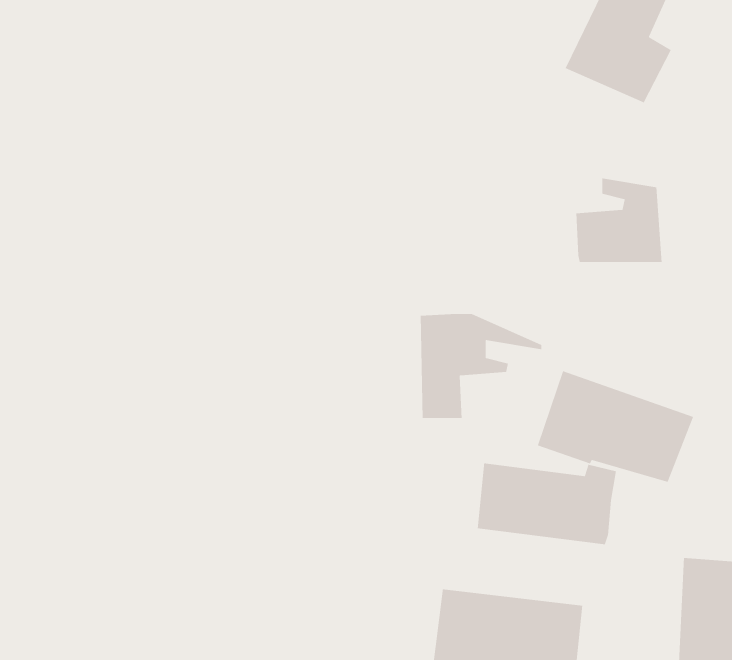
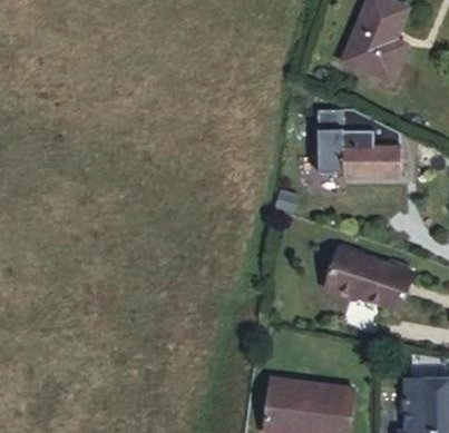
building: [420,313,542,419] -> [322,112,396,176]
building: [477,463,617,545] -> none

